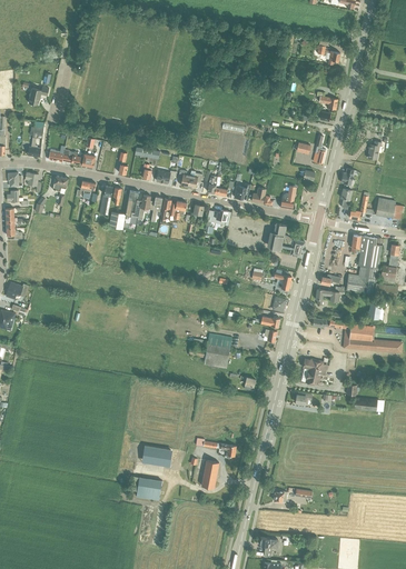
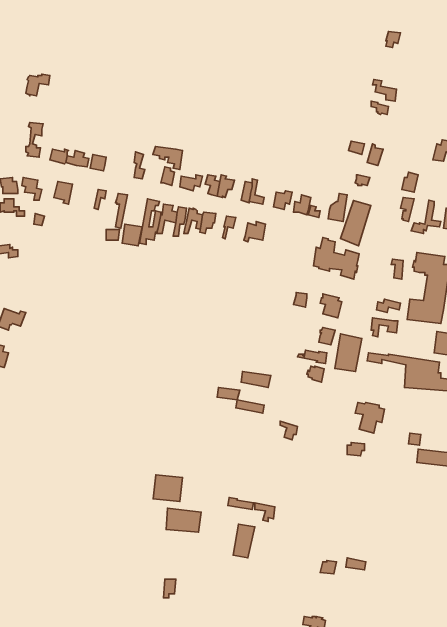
building: none -> [341,201,371,246]
building: none -> [335,334,362,372]
building: [138,479,162,501] -> [153,475,182,502]

